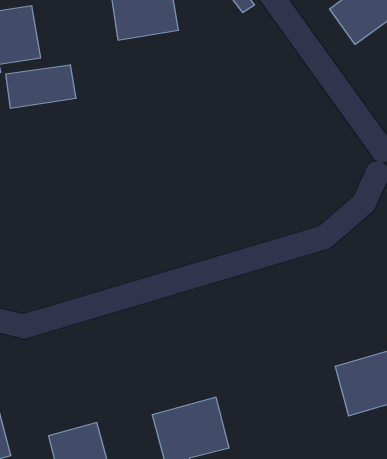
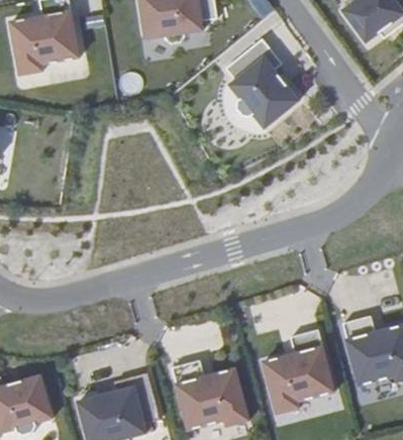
building: none -> [230,57,298,126]
building: [6,65,76,108] -> none
building: none -> [262,345,334,406]

